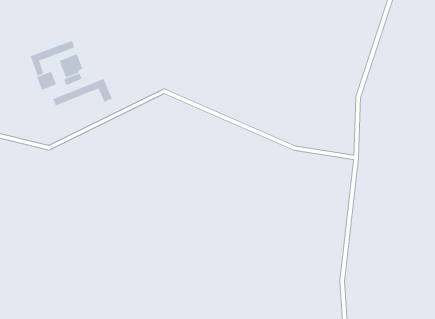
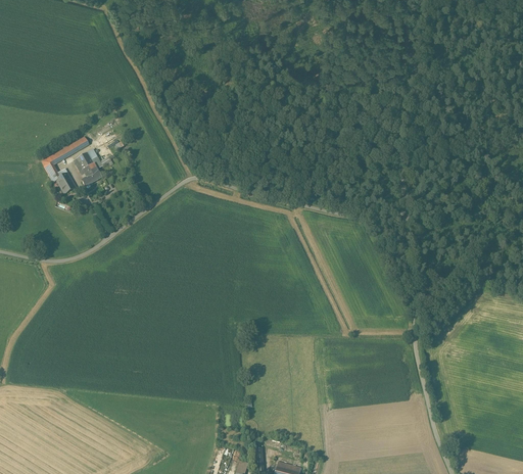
building: [53,78,113,106] -> none

